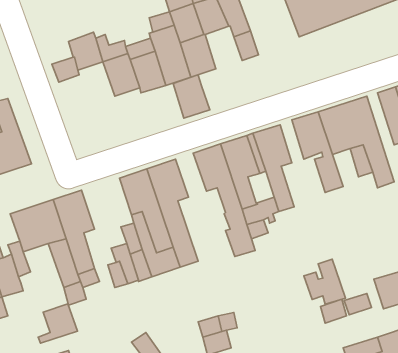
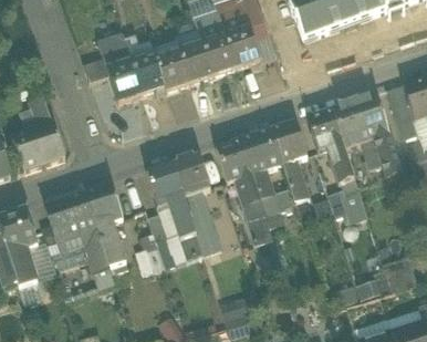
building: none -> [107,61,142,101]
building: [173,75,210,118] -> [226,28,260,68]
building: [304,259,345,304] -> [327,177,366,219]
building: [38,304,78,343] -> [52,230,88,267]

